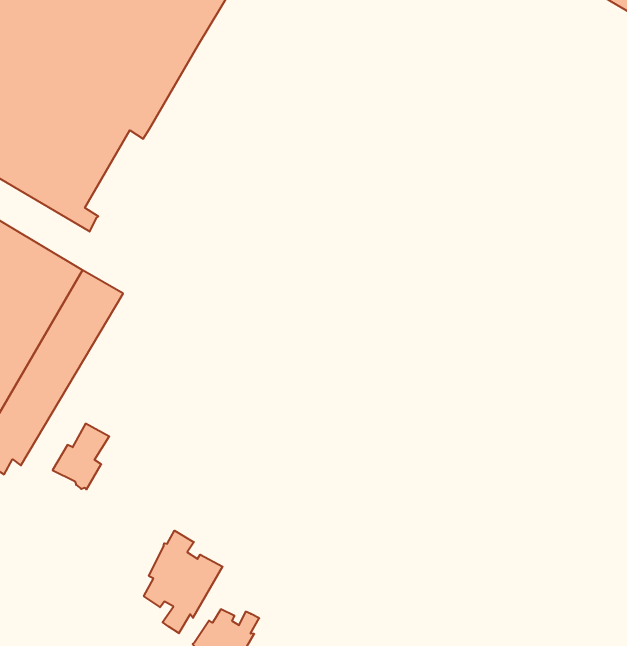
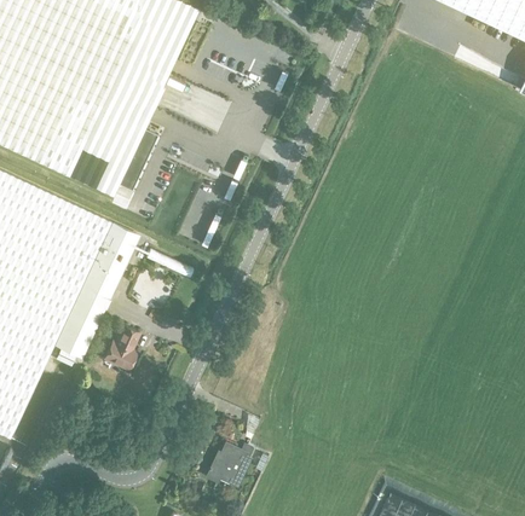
building: none -> [109,122,157,189]
building: [144,531,223,633] -> none

